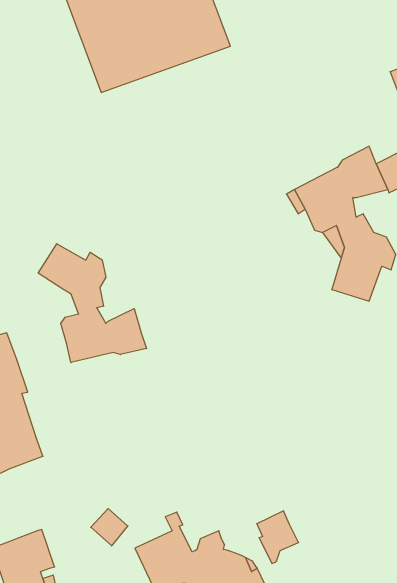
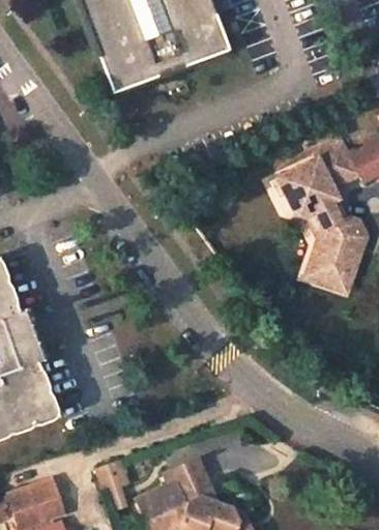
building: [38,244,147,363] -> none
building: none -> [308,246,366,294]
building: [257,511,299,563] -> [175,453,212,500]

